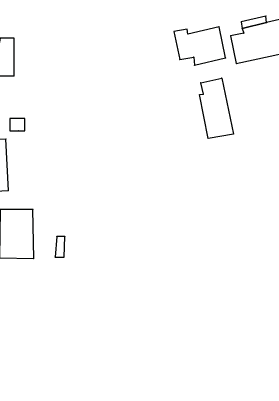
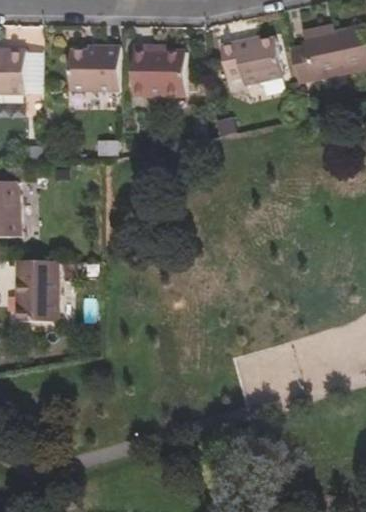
building: none -> [71,48,120,92]
building: none -> [133,48,185,96]
building: [200,78,233,138] -> none

